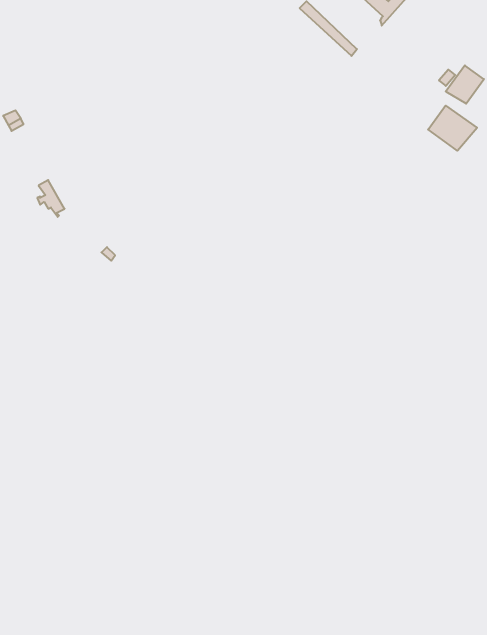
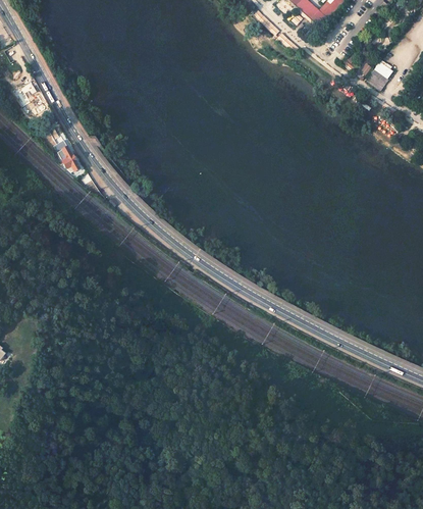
building: [428,106,477,151] -> none

